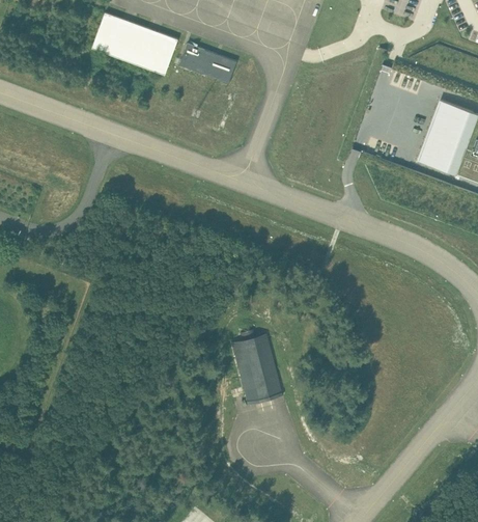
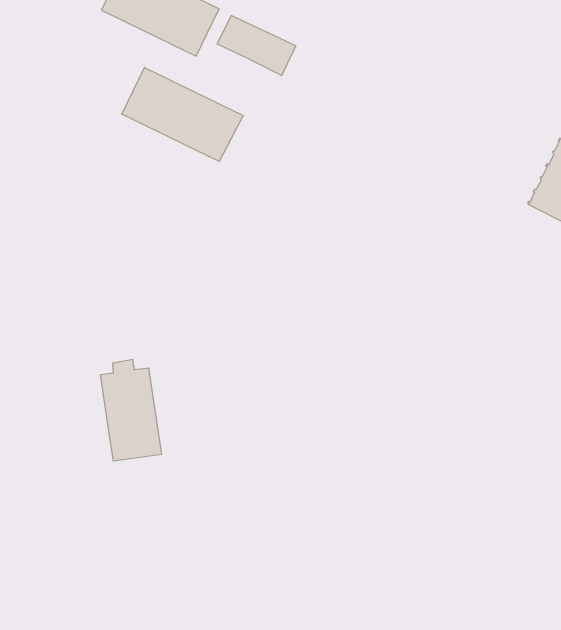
building: none -> [122,67,243,162]
building: [231,328,282,404] -> [100,360,162,461]

